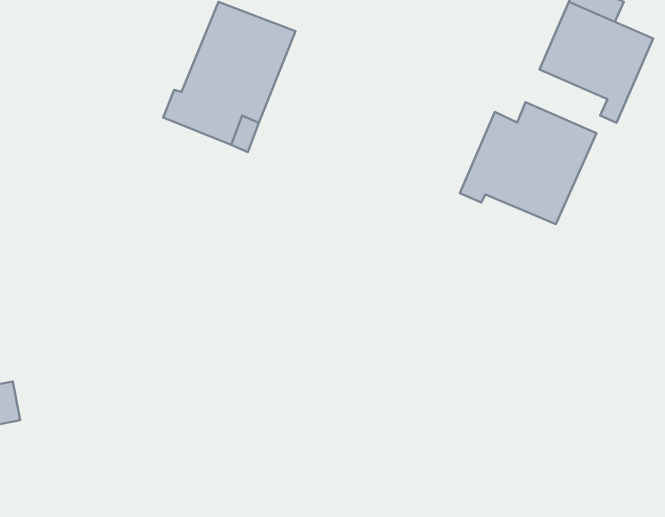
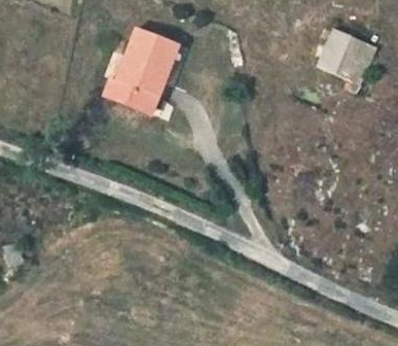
building: [460,102,597,224] -> none

